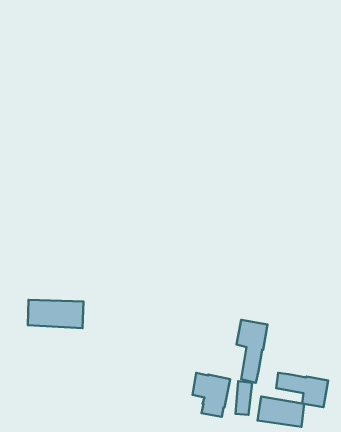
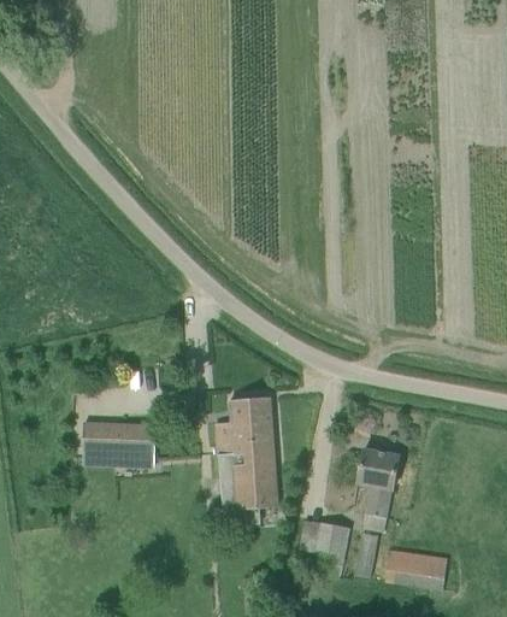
building: none -> [217,396,277,511]
building: [276,373,328,407] -> none

